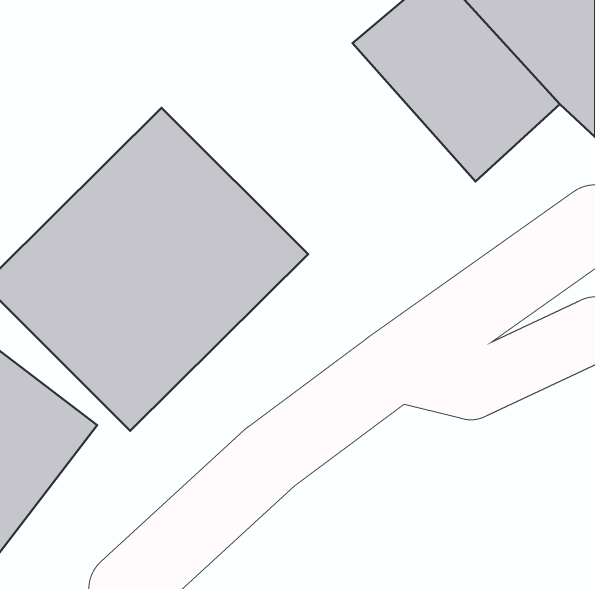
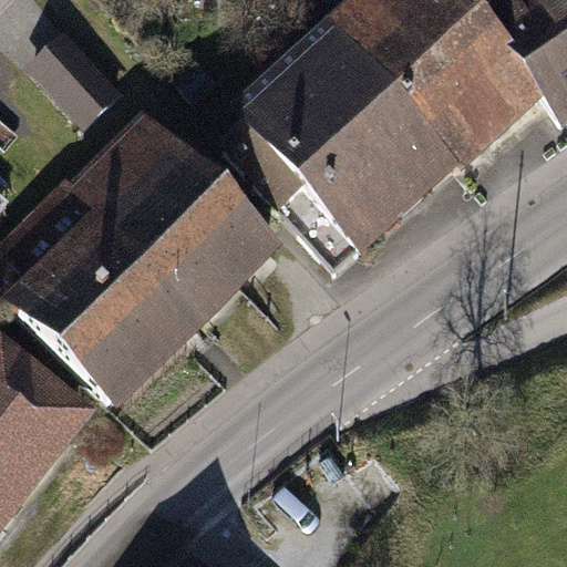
building: none -> [24,31,118,132]
building: none -> [239,41,450,252]

